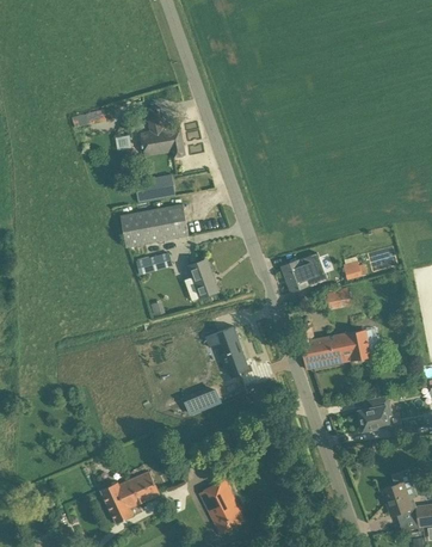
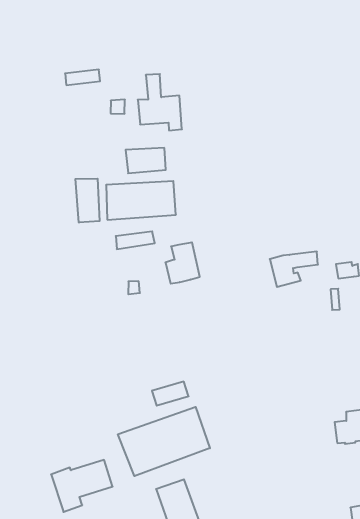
building: none -> [75,179,100,223]
building: [297,321,370,369] -> none
building: [204,325,249,376] -> none
building: none -> [118,407,210,476]

